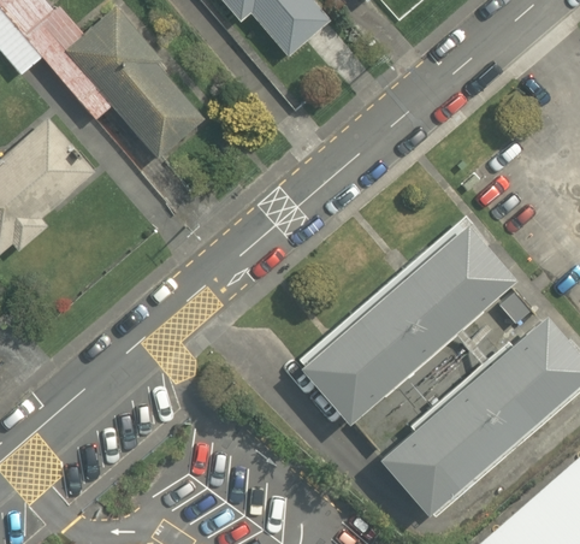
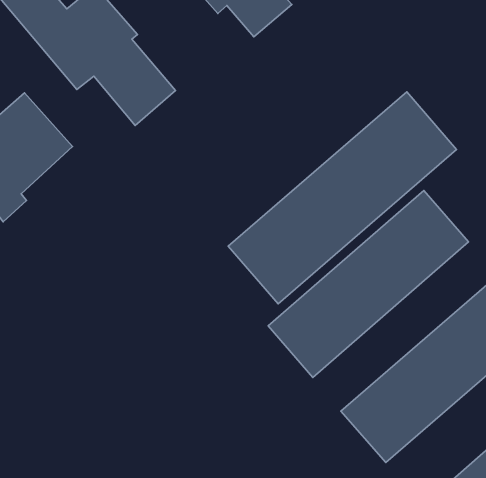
building: none -> [228,92,457,304]

